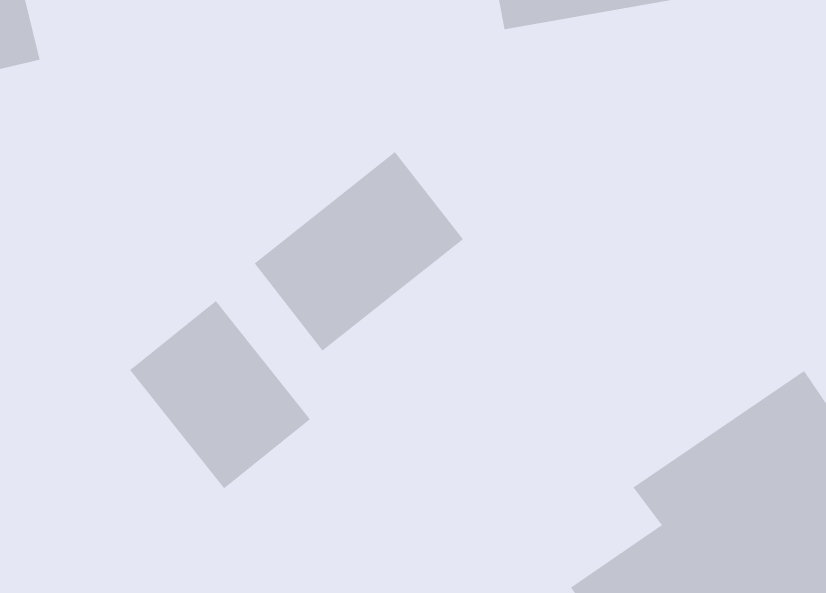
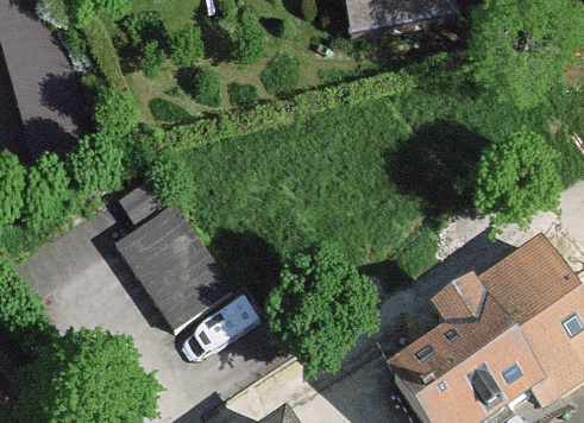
building: [254,151,464,351] -> none

